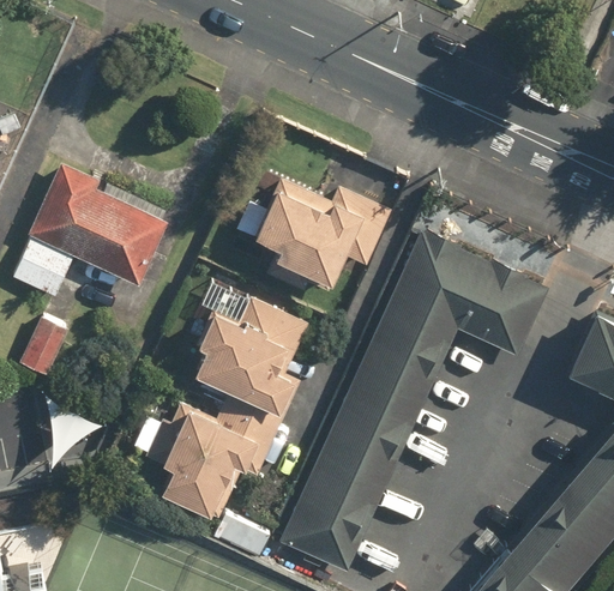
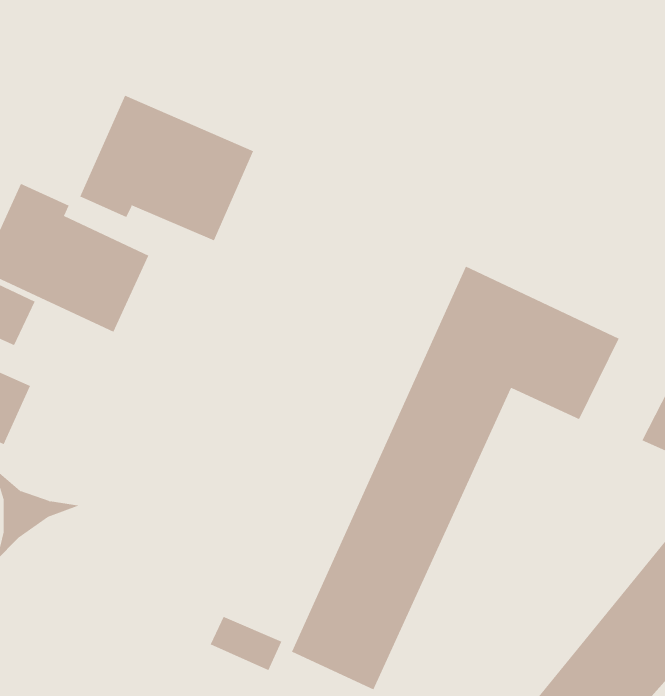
building: none -> [80,95,254,241]
building: [253,177,395,295] -> none
building: [146,298,309,520] -> none

